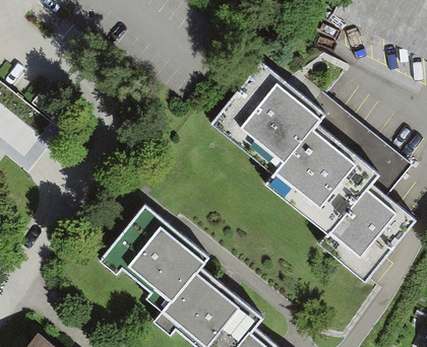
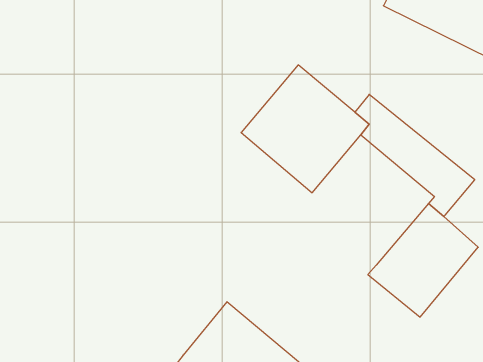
building: [265,123,378,234] -> none
building: [101,206,207,311] -> none

